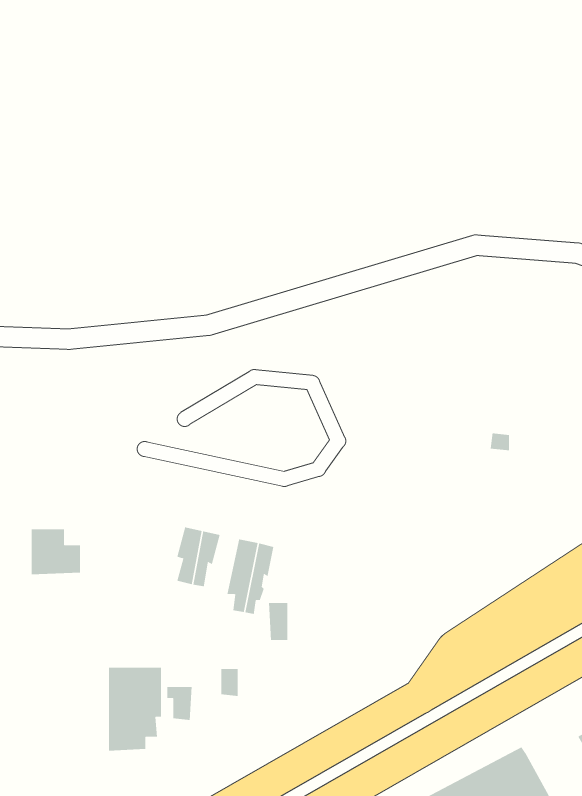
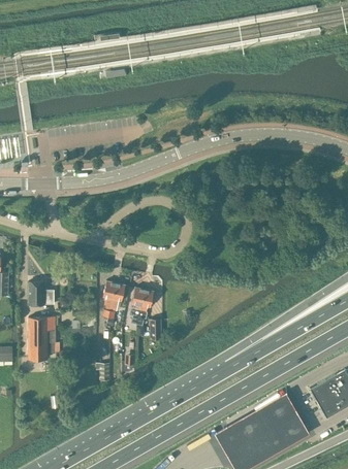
building: [108,667,162,751] -> [28,316,56,360]

